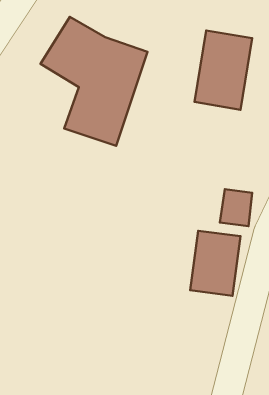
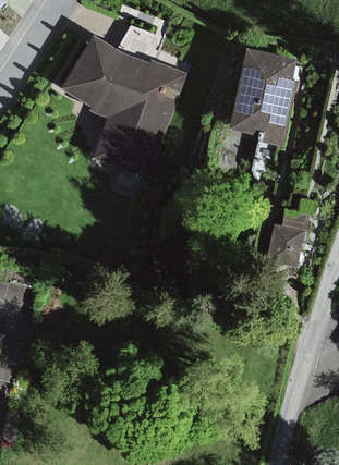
building: [190,231,241,296] -> none

